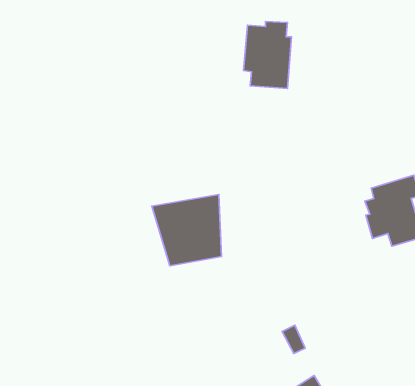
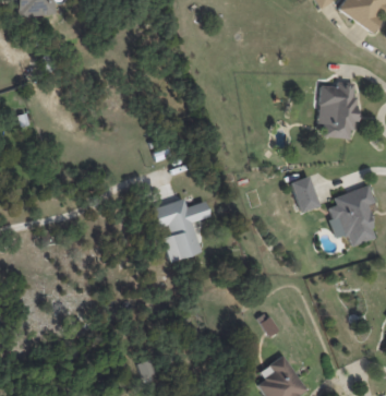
building: [244,21,291,88] -> [317,82,358,139]
building: none -> [290,176,319,213]

